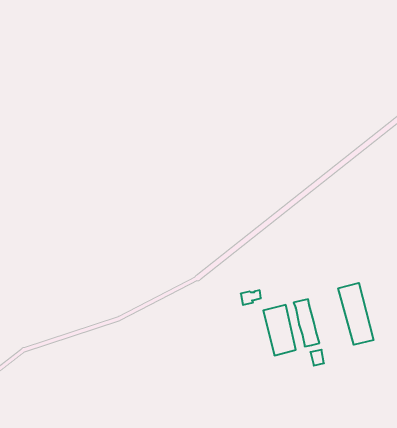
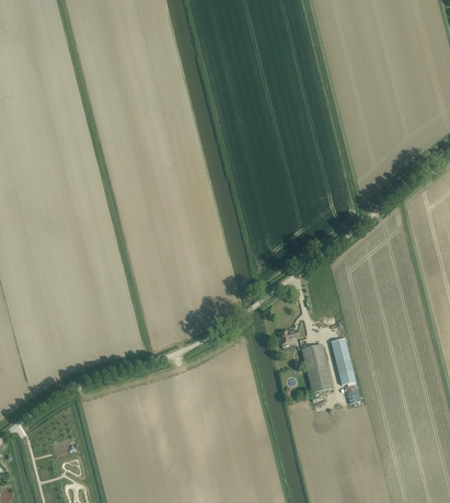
building: [338,283,374,345] -> none

